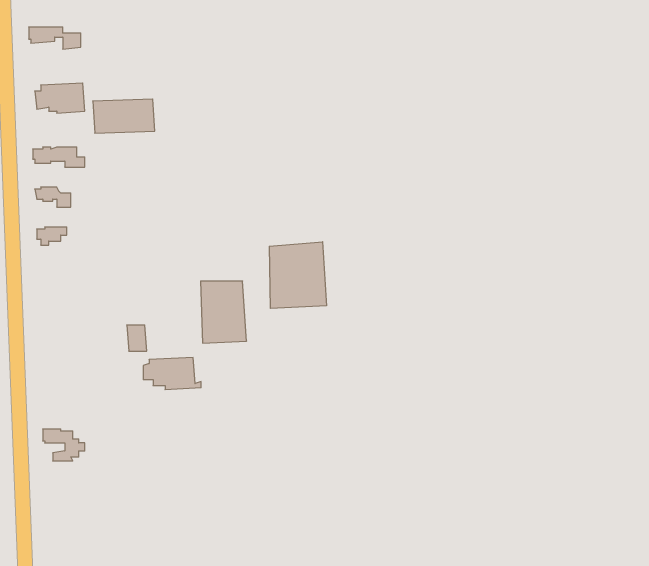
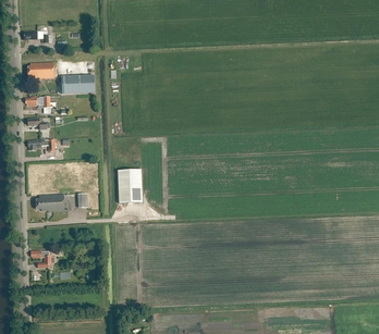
building: [269,242,326,308] -> none
building: [143,358,201,390] -> [36,195,68,212]

